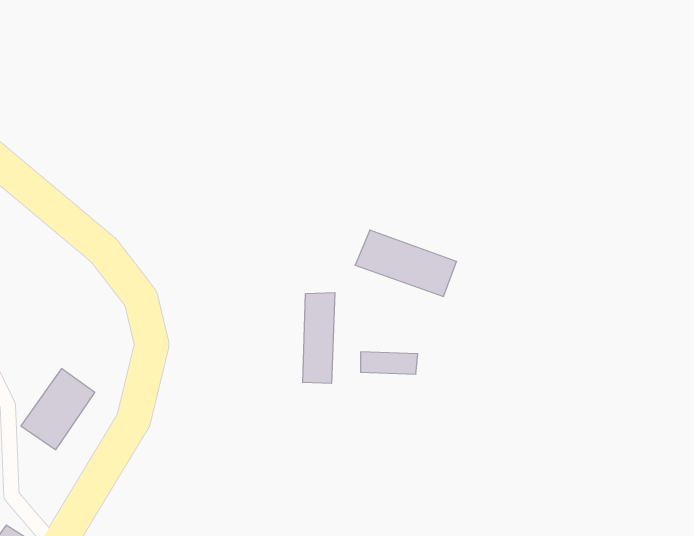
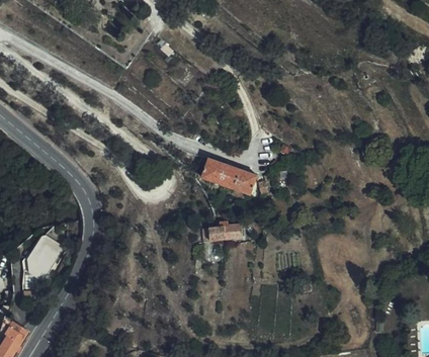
building: [303,293,335,383] -> none

